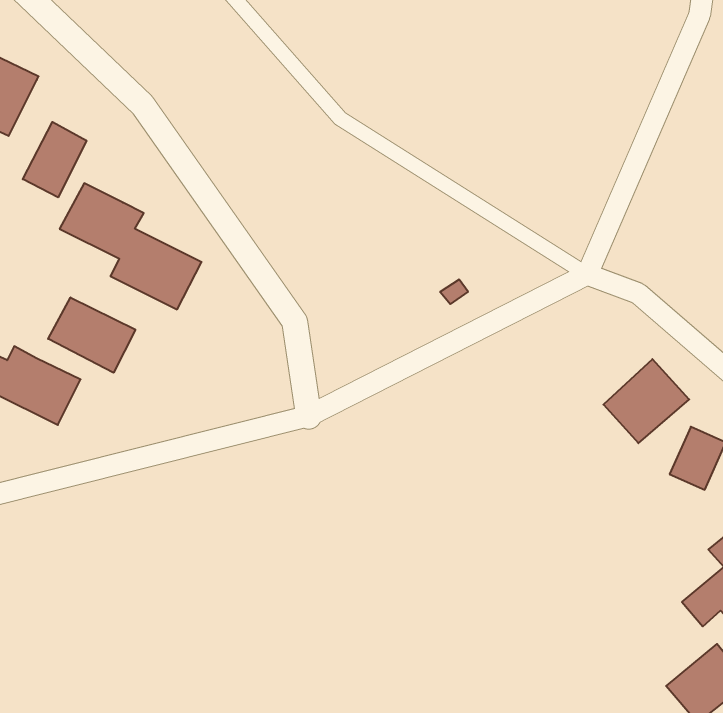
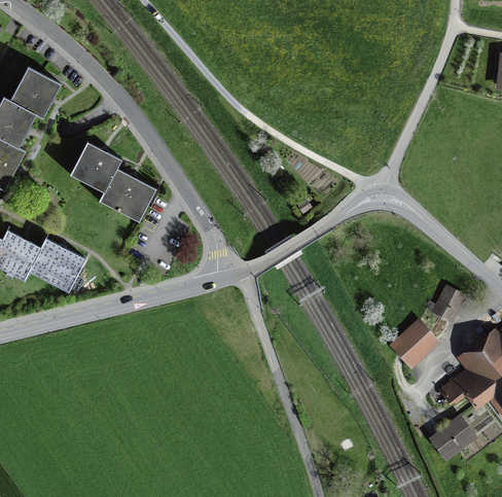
building: [23,122,86,197] -> none
building: [48,297,135,373] -> none
building: [603,359,689,443] -> [388,319,438,368]

